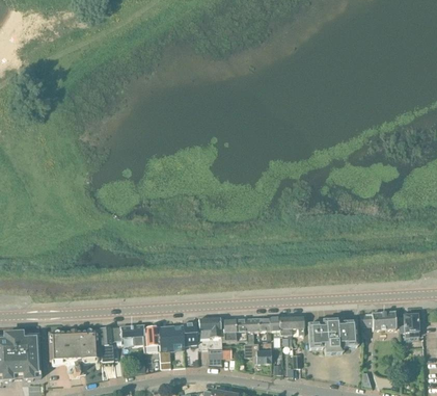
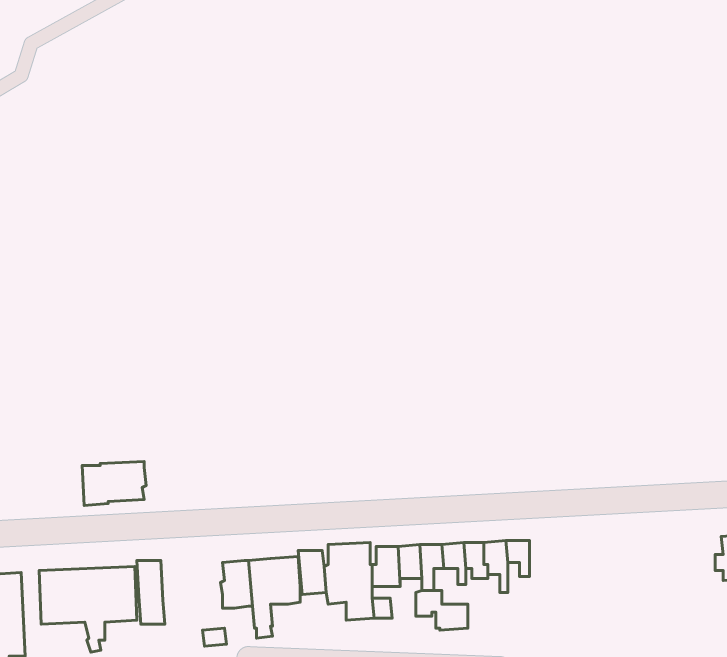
building: [359,312,394,331] -> none
building: [306,318,356,353] -> none
building: [110,325,143,348] -> [82,461,146,505]

